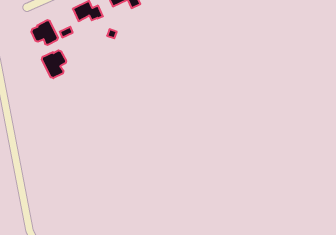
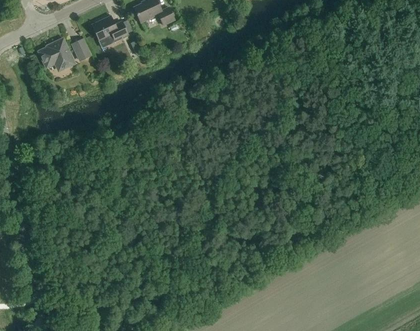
building: [42,50,66,78] -> none

